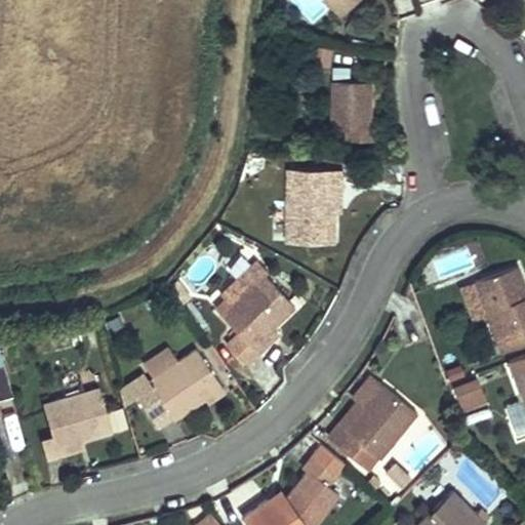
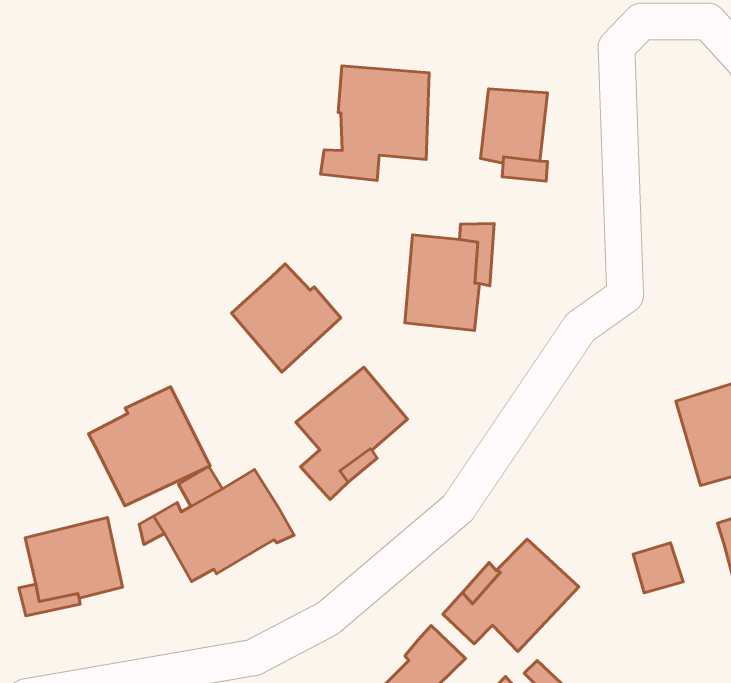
building: none -> [321,66,429,181]
building: none -> [231,264,341,372]
building: none -> [89,387,210,506]

